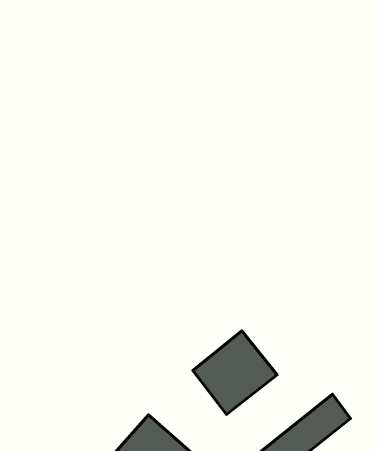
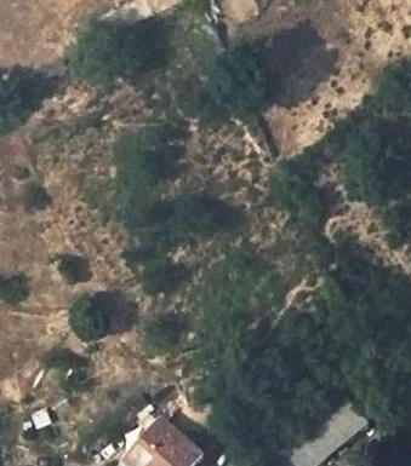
building: [193,331,277,414] -> none

